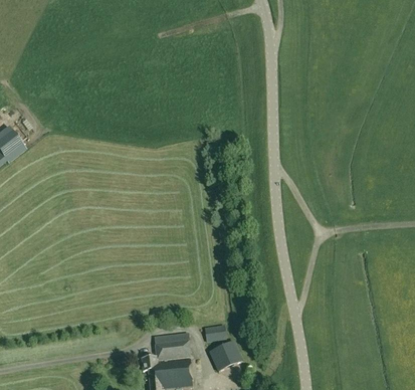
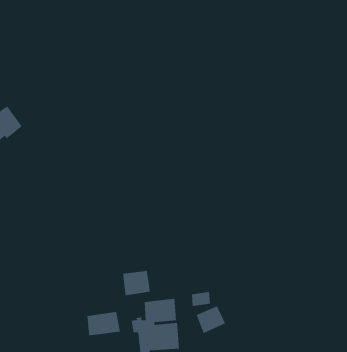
building: none -> [122,270,150,296]
building: none -> [87,311,120,336]

